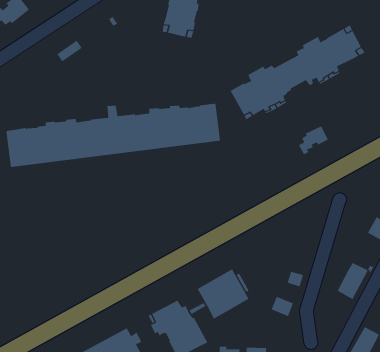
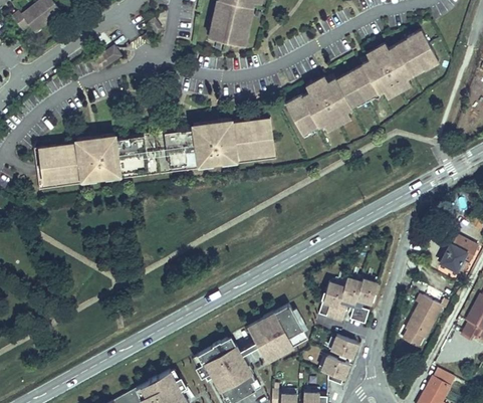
building: [298,126,329,155] -> none
building: none -> [318,277,378,322]
building: none -> [323,356,349,385]

